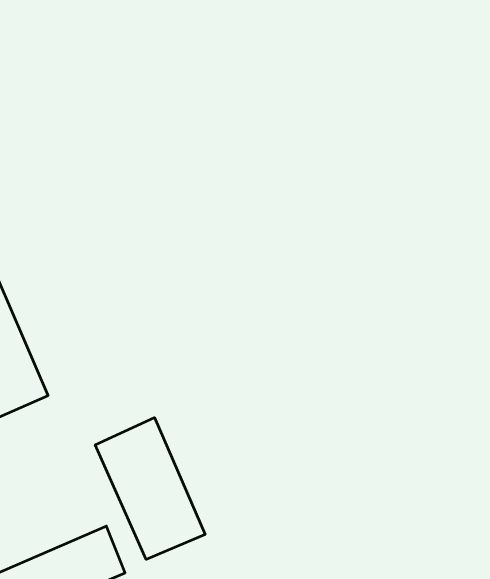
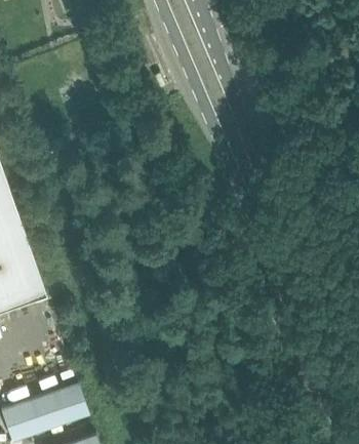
building: [95,418,205,559] -> none

